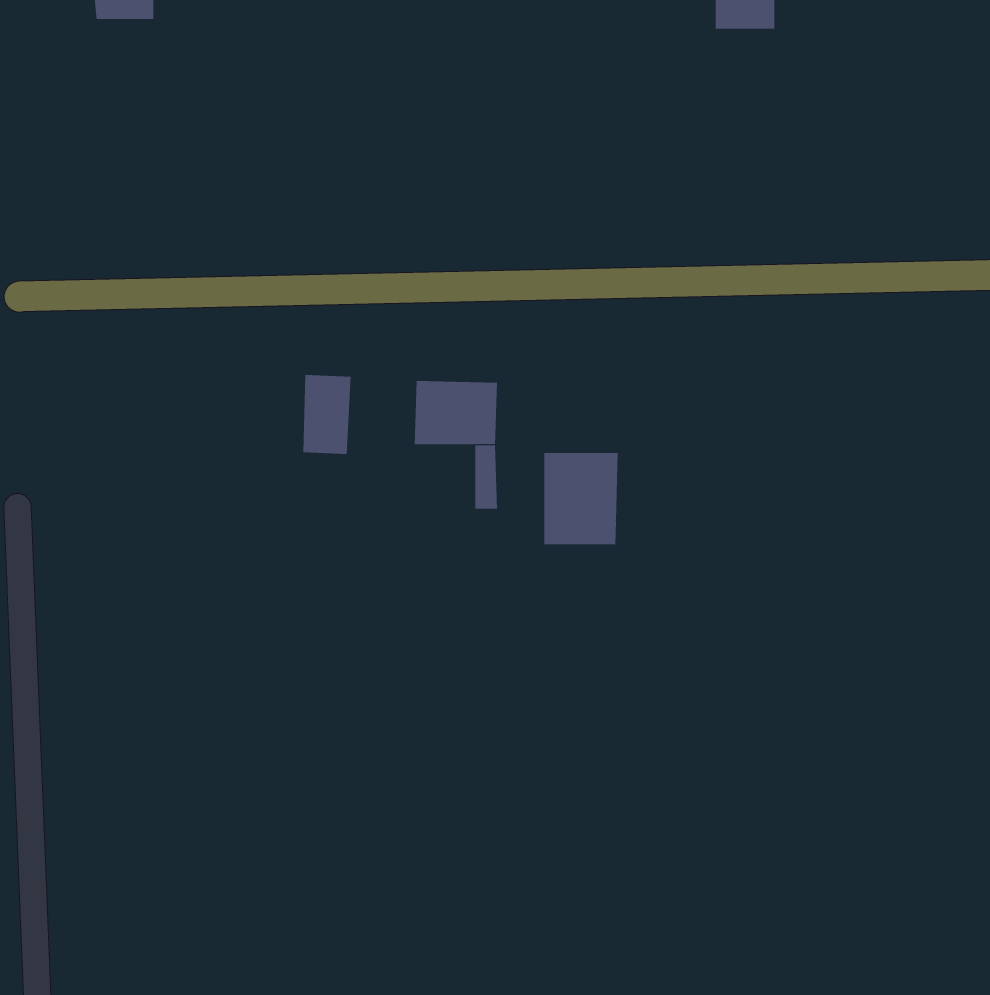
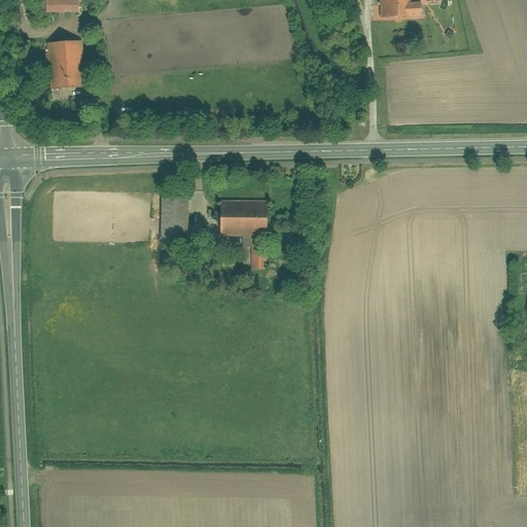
building: none -> [49,39,85,86]
building: [544,452,618,545] -> none

